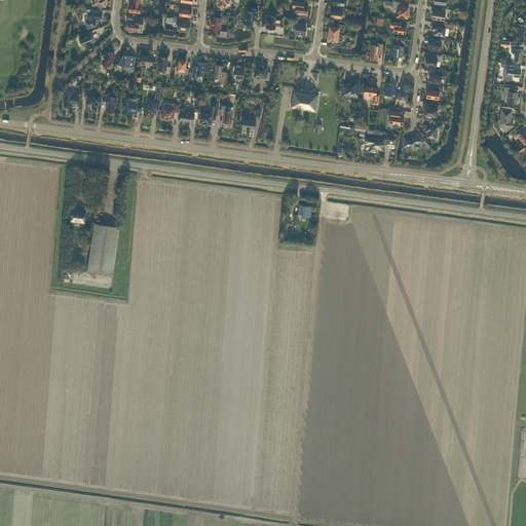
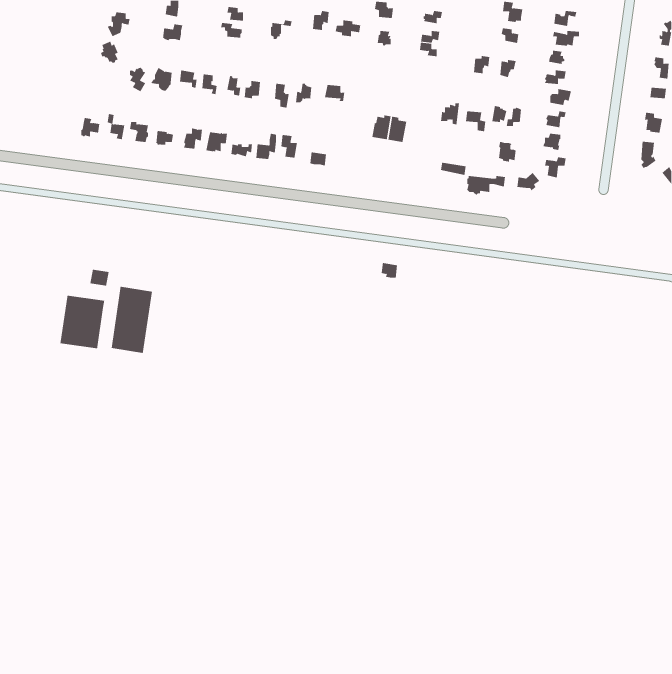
building: none -> [60,295,105,349]

